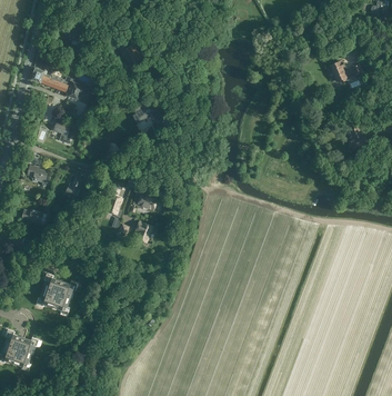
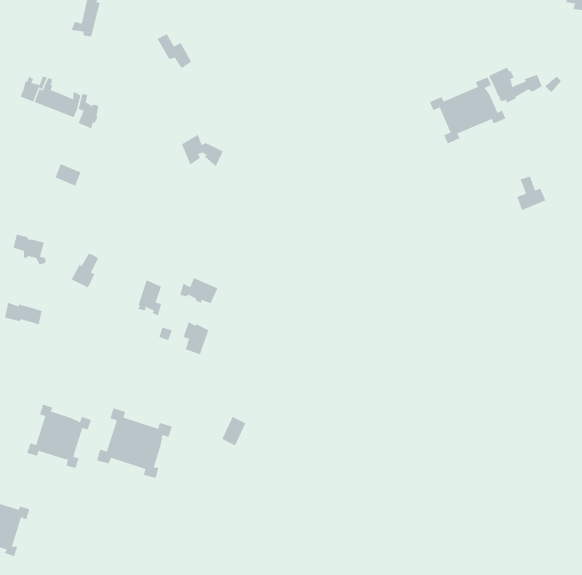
building: none -> [429,76,506,144]
building: none -> [97,408,172,479]

